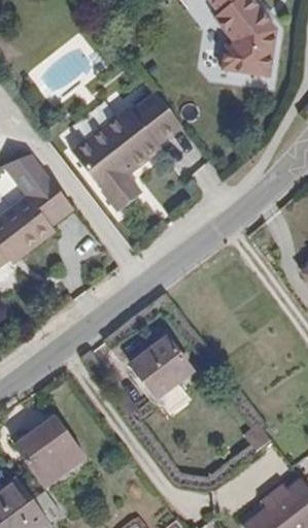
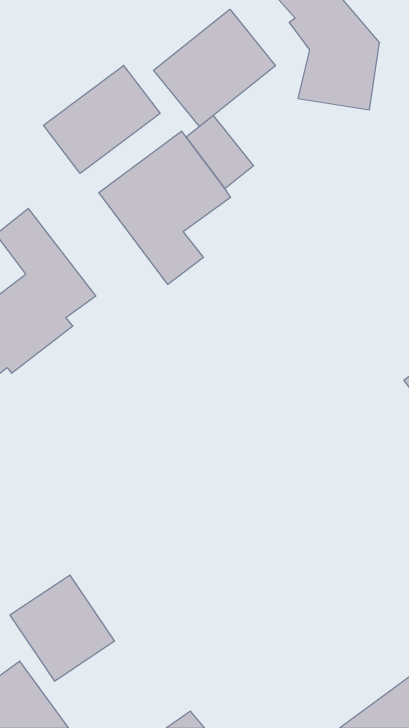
building: none -> [154,9,275,127]
building: none -> [43,65,160,173]
building: [124,333,195,404] -> none

